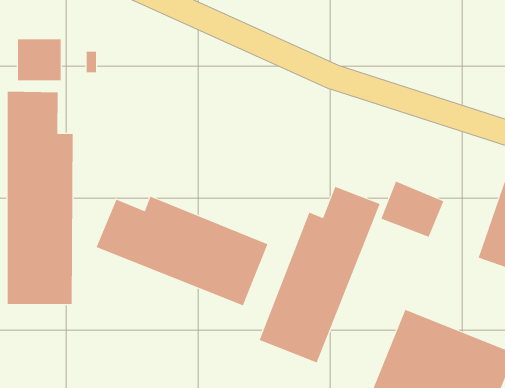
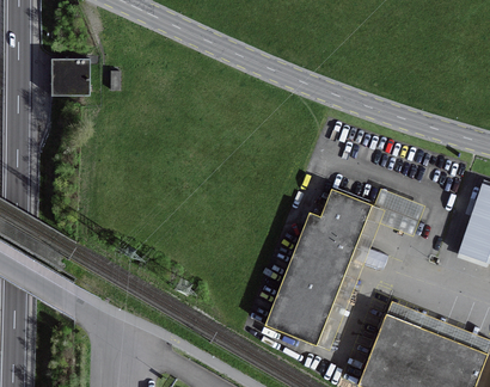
building: [7,91,73,305] -> none
building: [96,196,268,306] -> none

